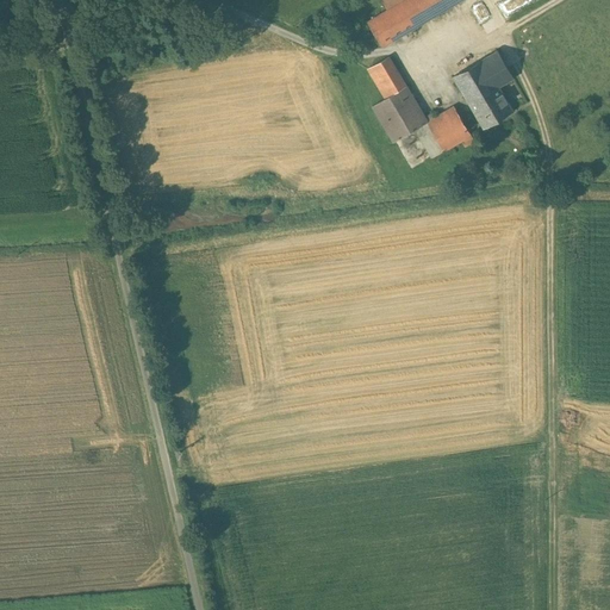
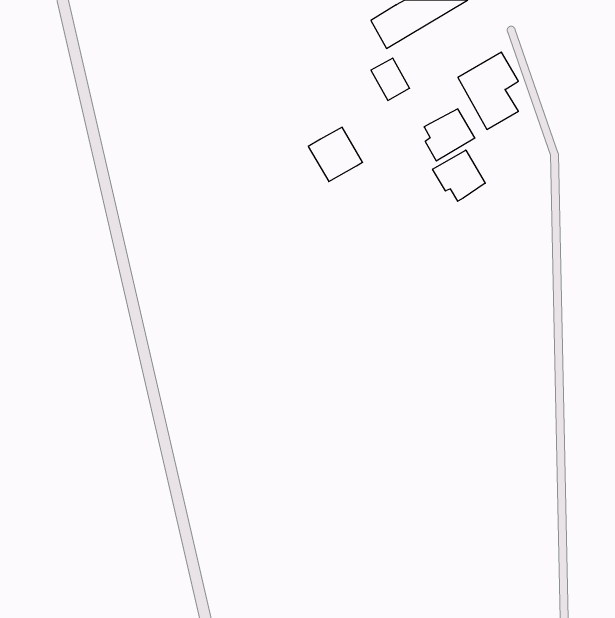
building: [373,87,427,141] -> [308,127,363,182]
building: none -> [433,150,485,201]

